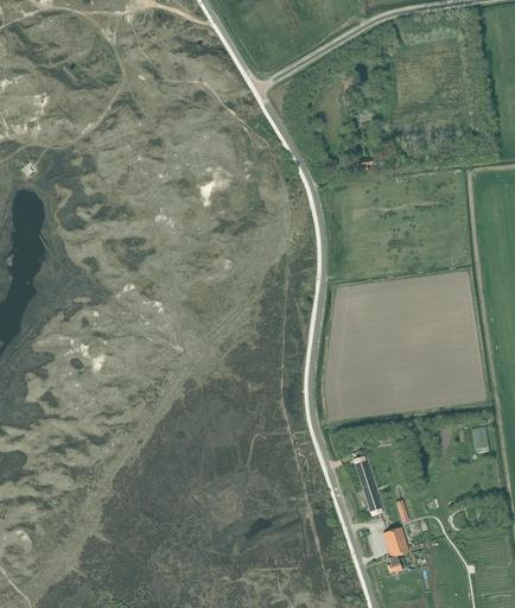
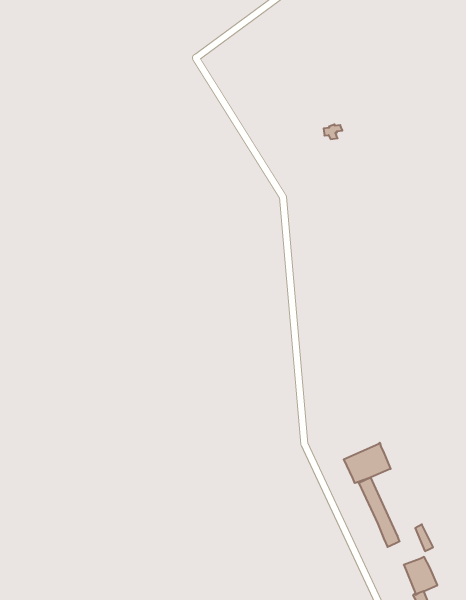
building: none -> [344,443,391,483]

